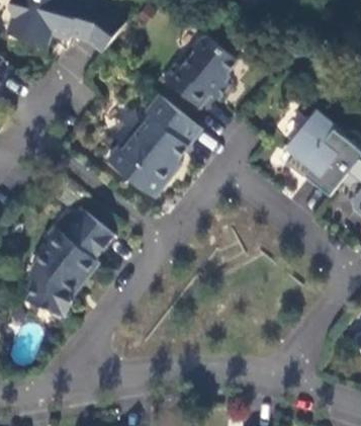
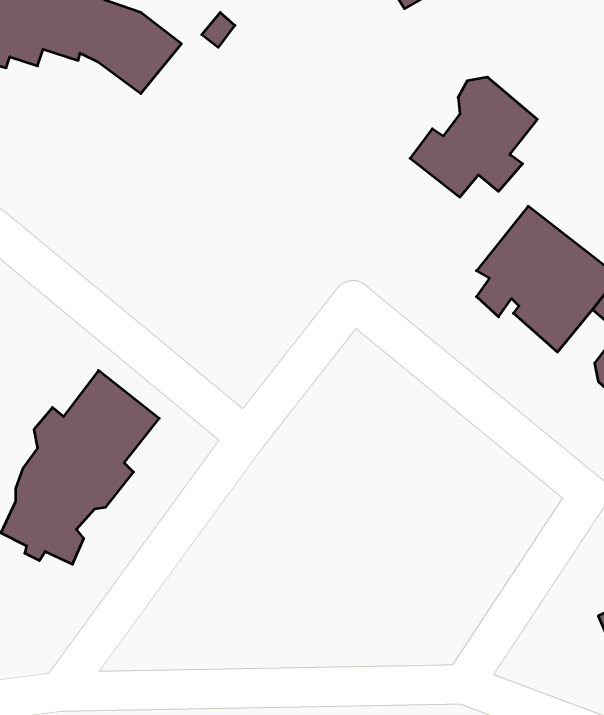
building: [166,38,236,104] -> [410,77,537,197]
building: [102,90,195,195] -> none

